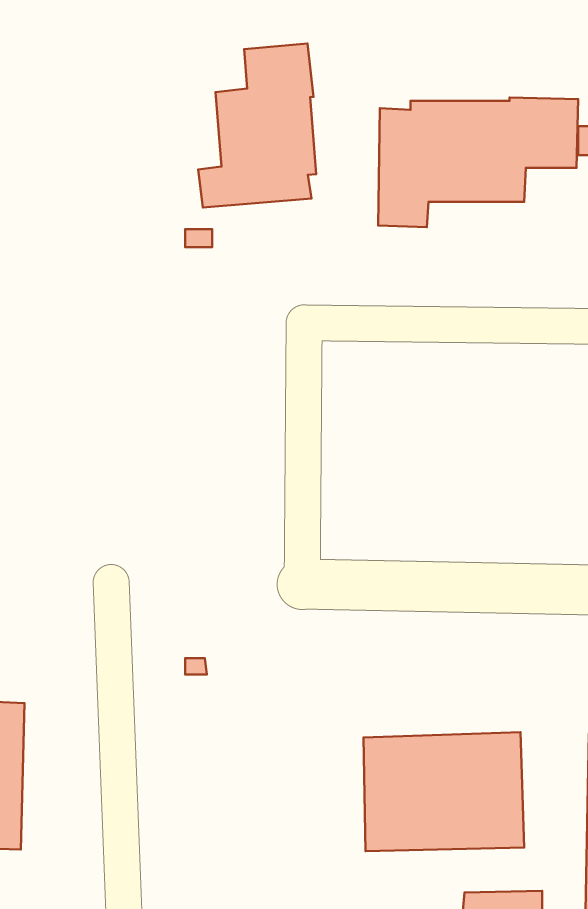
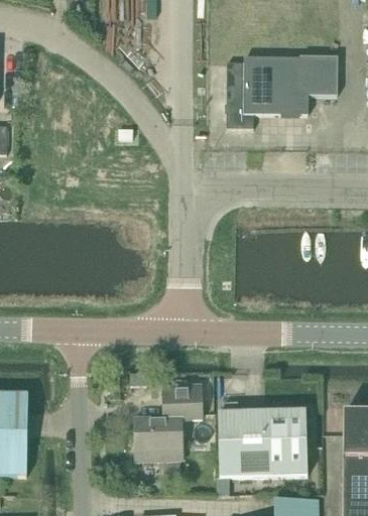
building: [198,43,316,207] -> none
building: none -> [134,385,203,461]

